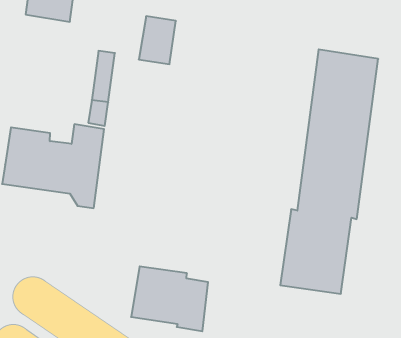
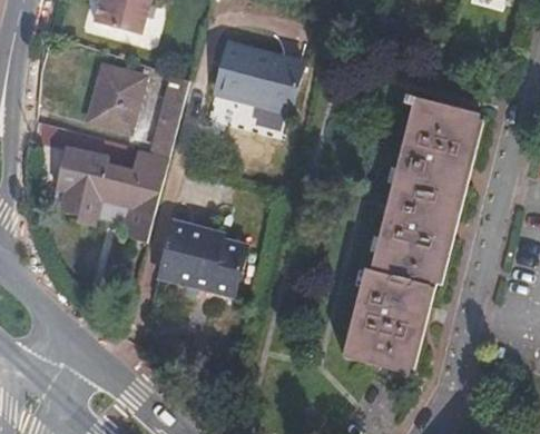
building: none -> [247,51,303,114]
building: none -> [88,67,141,130]
building: [131,266,208,331] -> [159,218,248,297]

